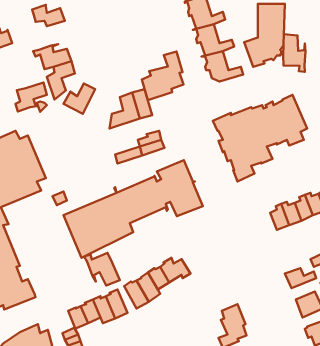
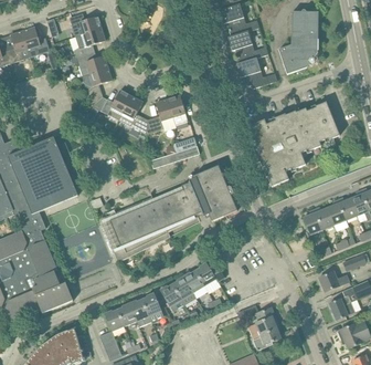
building: [283,34,306,72] -> none
building: [142,52,183,100] -> none
building: [16,82,47,112] -> [74,28,105,56]
building: none -> [119,95,148,134]
building: [84,253,120,286] -> none

